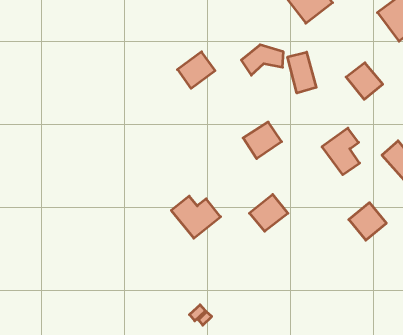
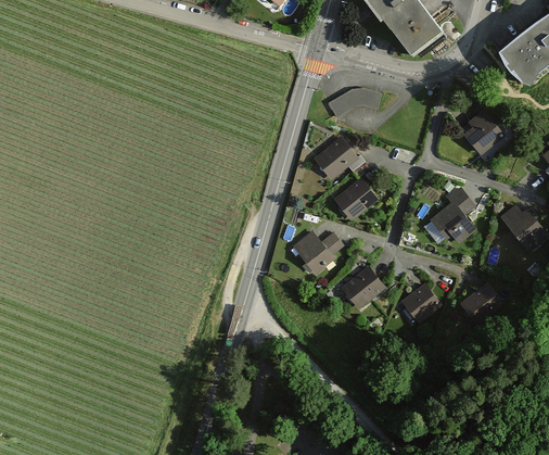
building: [177,52,215,88] -> [315,136,360,180]
building: [288,52,316,93] -> none
building: [171,196,221,238] -> [291,229,350,280]
building: none -> [400,278,438,316]

